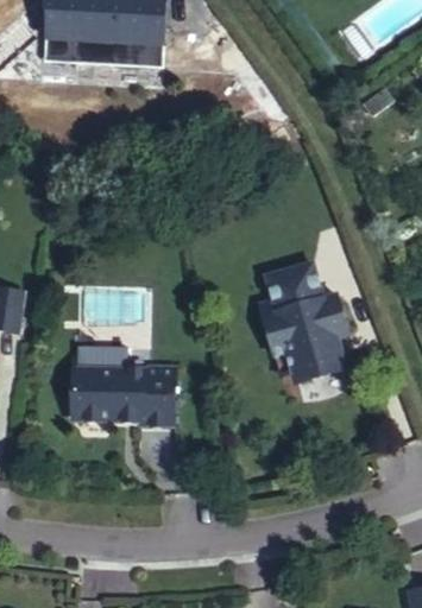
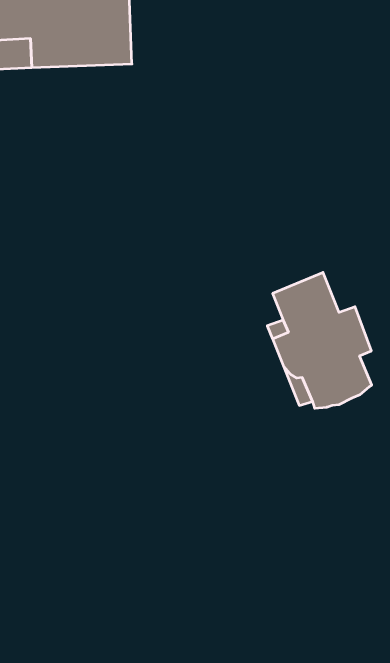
building: [71,363,174,424] -> none

